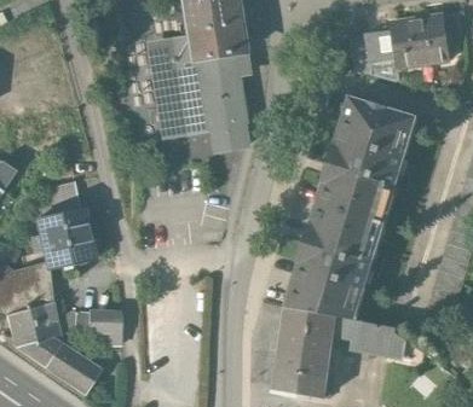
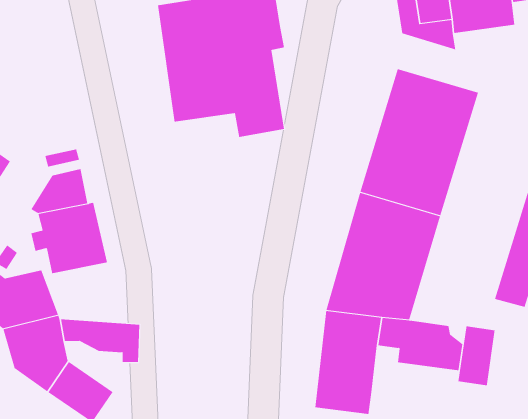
building: none -> [458,325,495,386]

